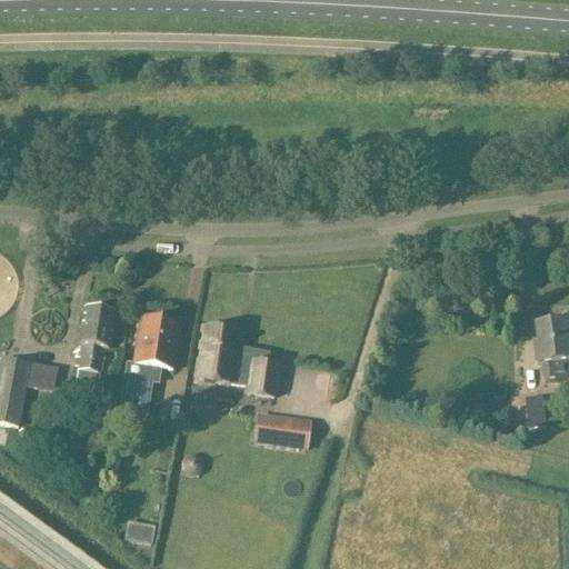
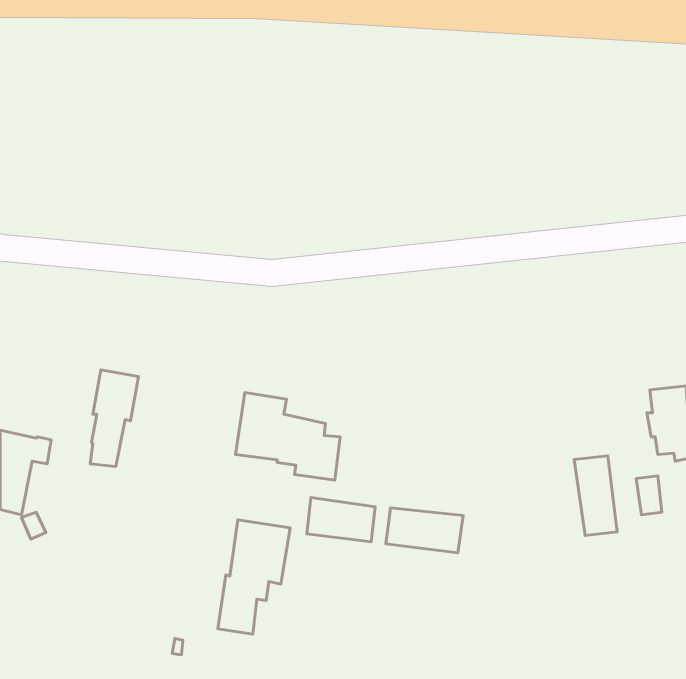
building: [120,315,180,409] -> [218,520,290,634]
building: none -> [574,456,617,535]
building: none -> [386,508,463,553]

